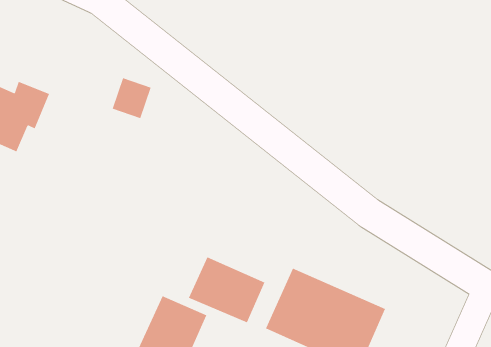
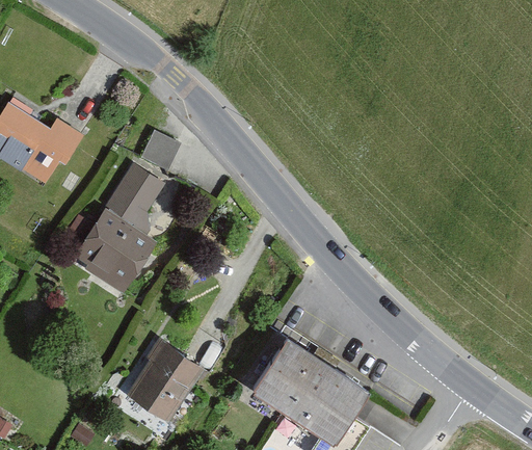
building: none -> [72,167,165,294]
building: [188,256,265,323] -> none

